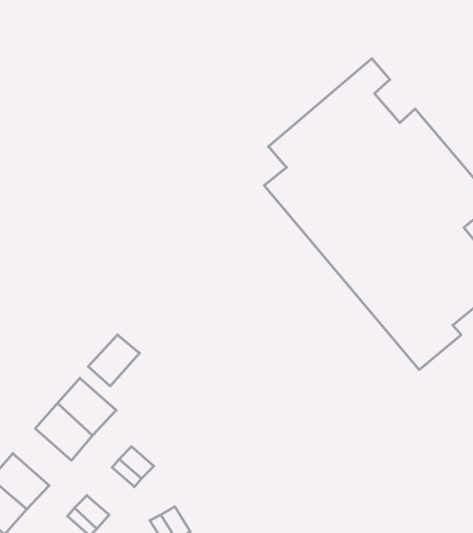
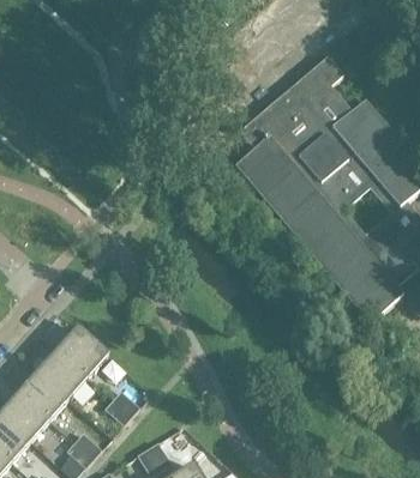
building: [88,335,140,386] -> none
building: none -> [19,373,70,422]

